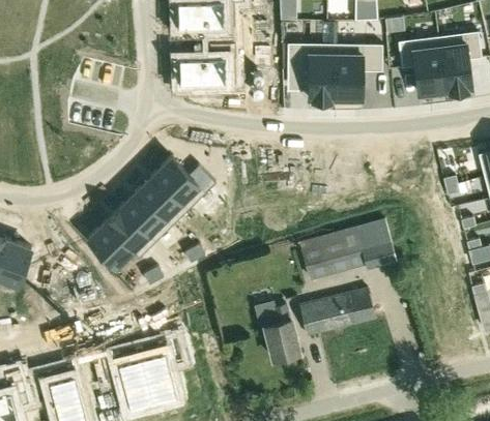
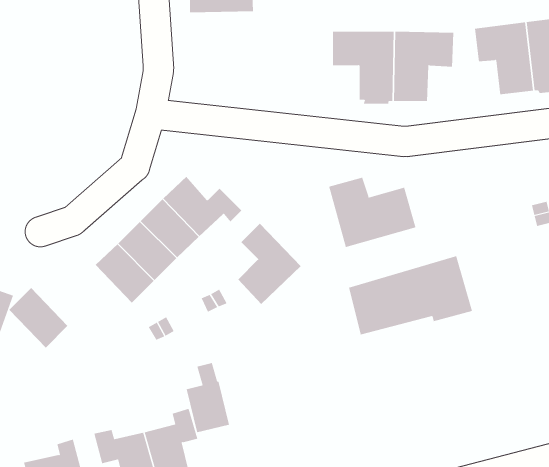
building: [177,42,236,87] -> none
building: none -> [329,177,416,248]
building: none -> [238,223,302,305]
building: [85,227,132,274] -> [9,287,68,348]
building: [299,291,375,337] -> none
building: [265,306,299,361] -> [186,363,230,433]

